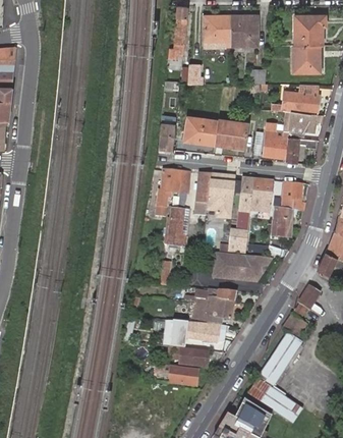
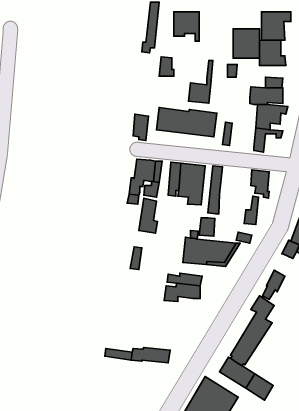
building: [229,16,256,47] -> [233,29,260,58]
building: [265,113,290,158] -> [188,60,213,103]
building: [250,178,274,209] -> none
building: [172,320,218,342] -> none
building: [171,346,210,366] -> none

